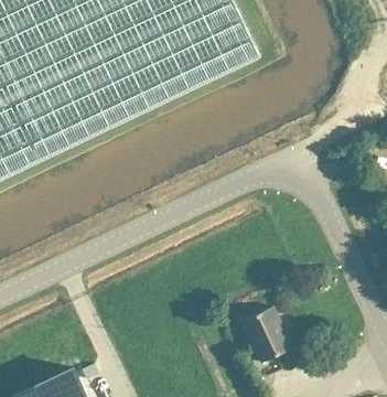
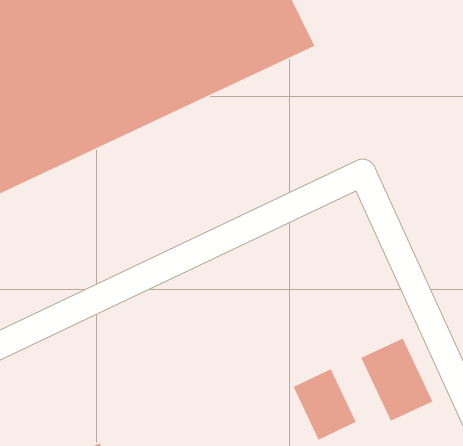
building: none -> [360,337,434,422]

